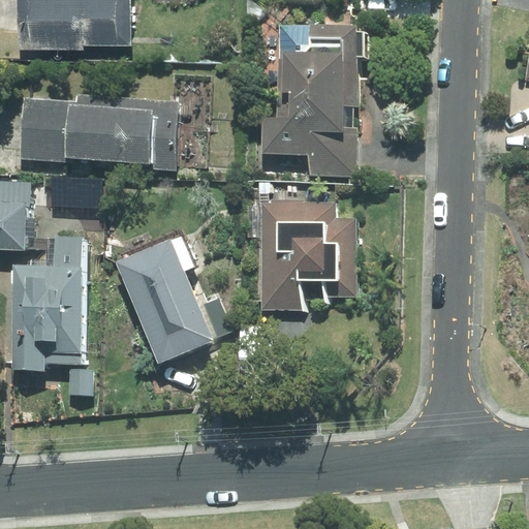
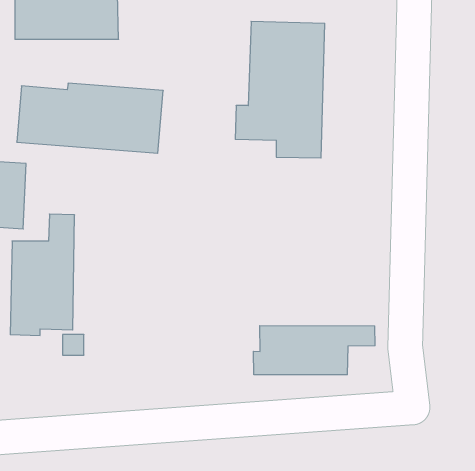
building: [260,200,357,308] -> none
building: [117,243,215,366] -> none
building: none -> [254,326,375,375]

